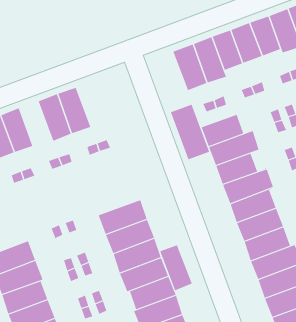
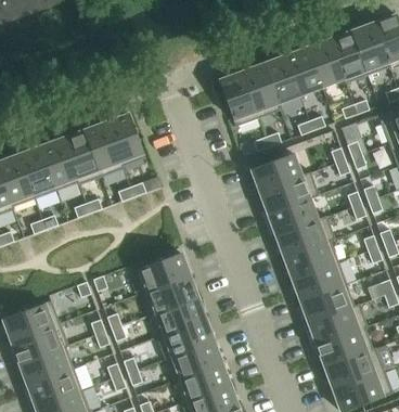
building: none -> [106,113,145,168]
building: none -> [40,138,79,190]
building: [170,104,210,160] -> none
building: [160,245,193,291] -> none

